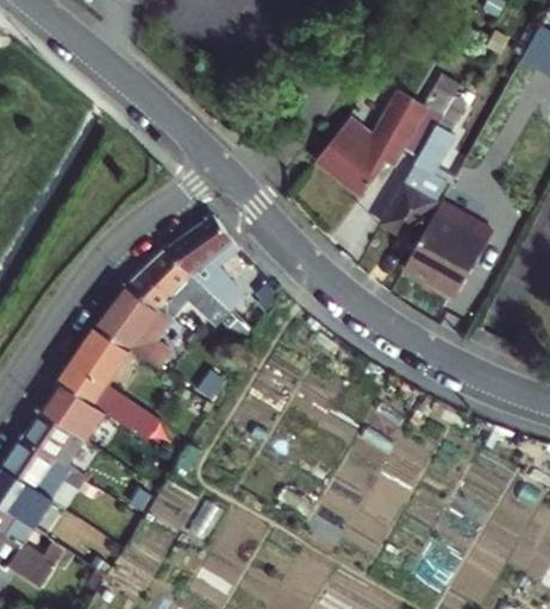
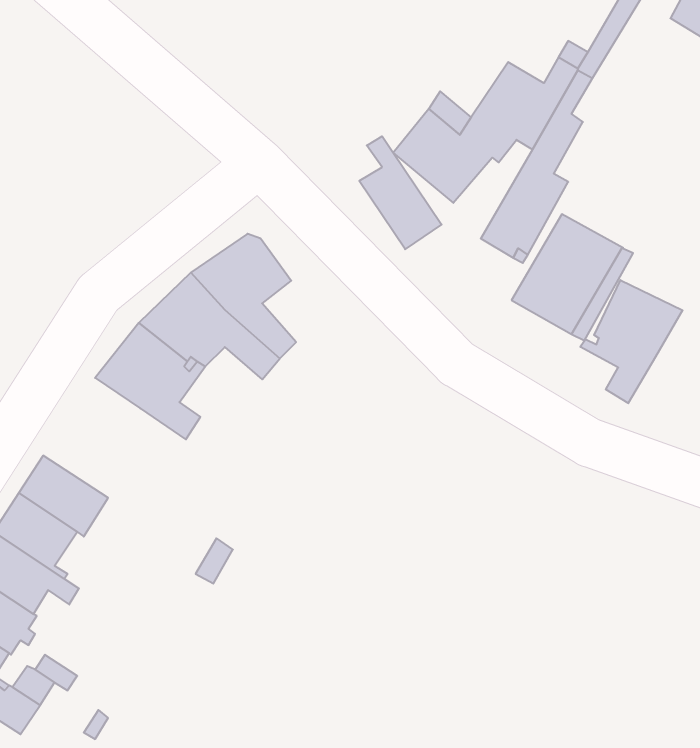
building: none -> [359,136,442,249]
building: none -> [580,280,683,403]
building: [58,325,156,438] -> none

